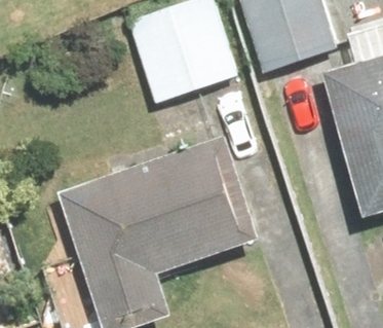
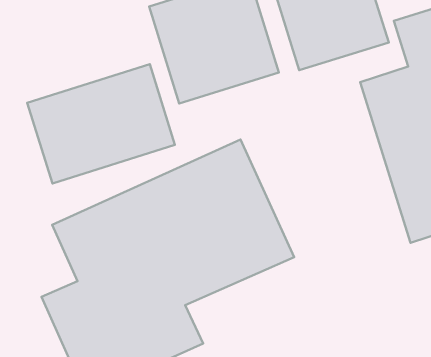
building: none -> [27,64,175,184]

